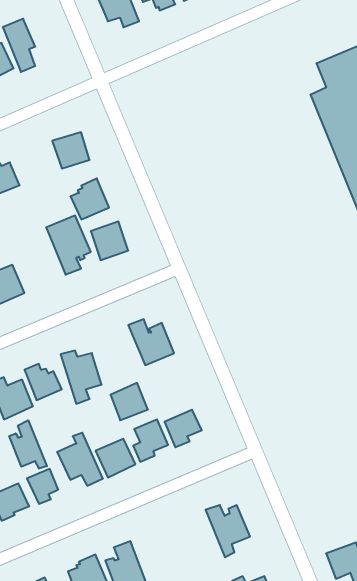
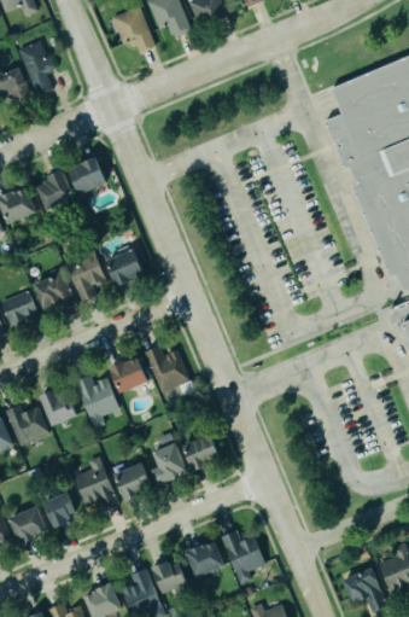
building: [70,178,109,219] -> [35,168,74,209]
building: none -> [33,264,75,308]
building: [110,383,148,420] -> [110,355,147,392]
building: [9,420,47,469] -> none
building: none -> [185,541,224,577]
building: none -> [152,560,187,593]

